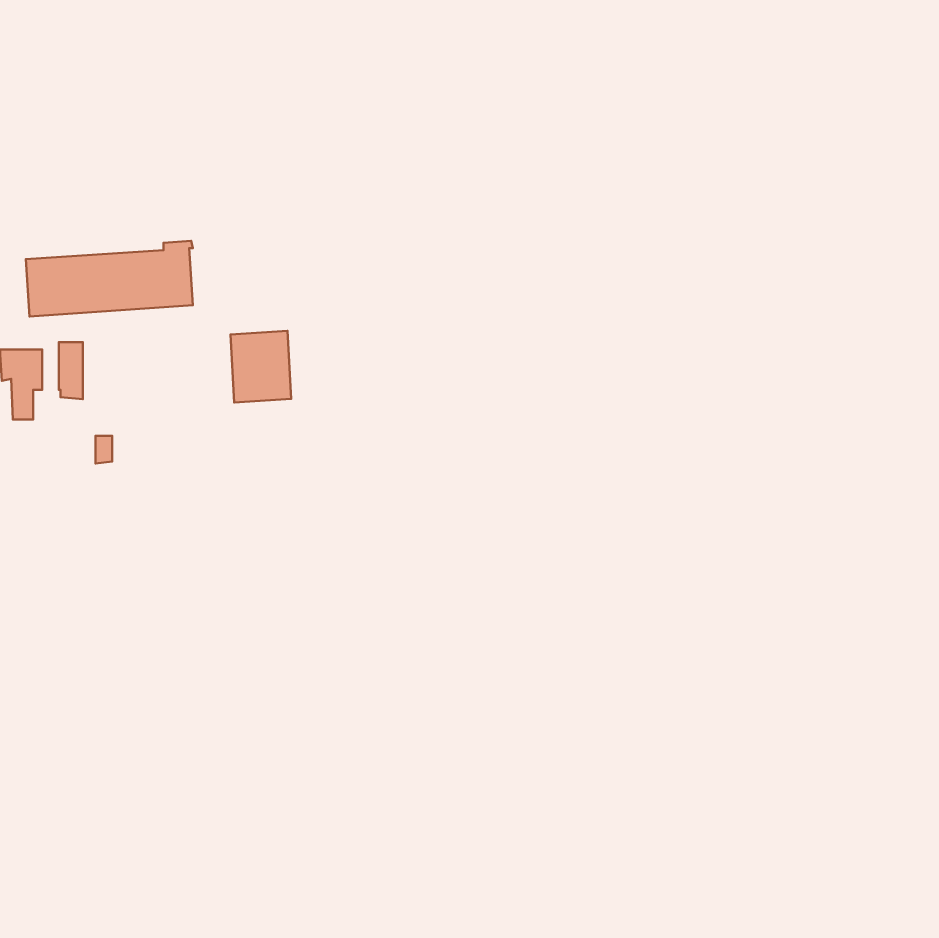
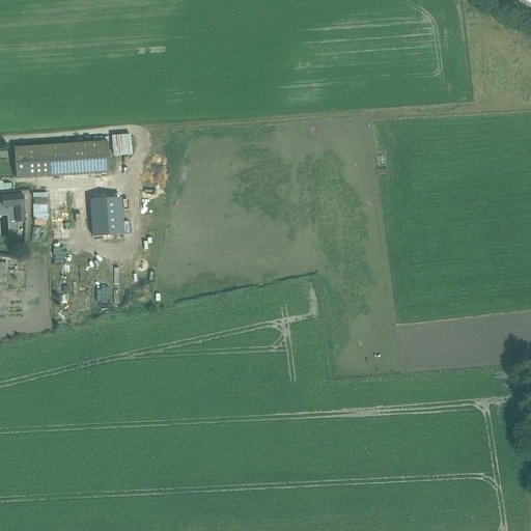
building: none -> [112,134,132,158]
building: [231,331,291,402] -> [89,194,123,234]

